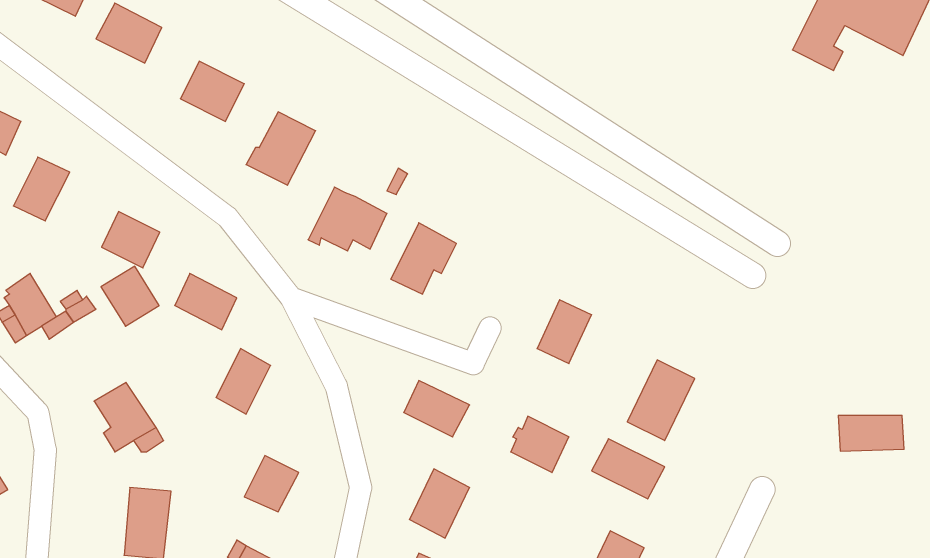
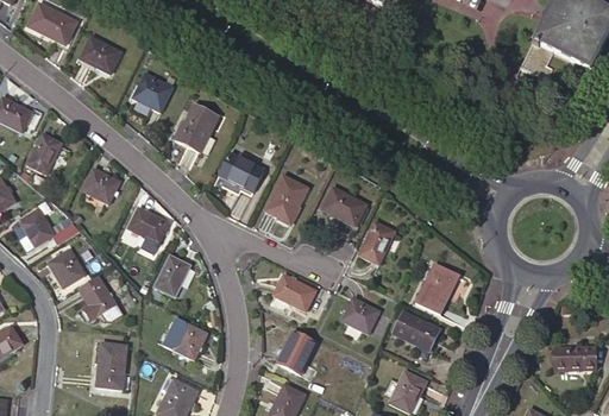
building: none -> [321,187,365,226]
building: [101,266,159,326] -> [48,248,84,286]
building: [838,415,904,451] -> [554,347,596,370]

